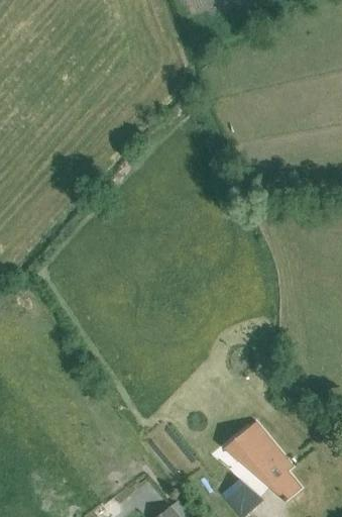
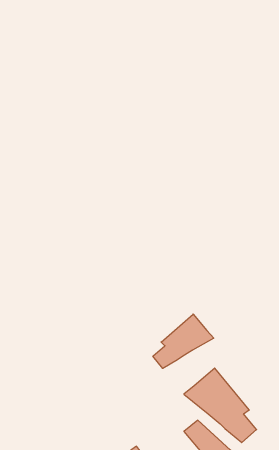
building: none -> [153,314,214,368]

